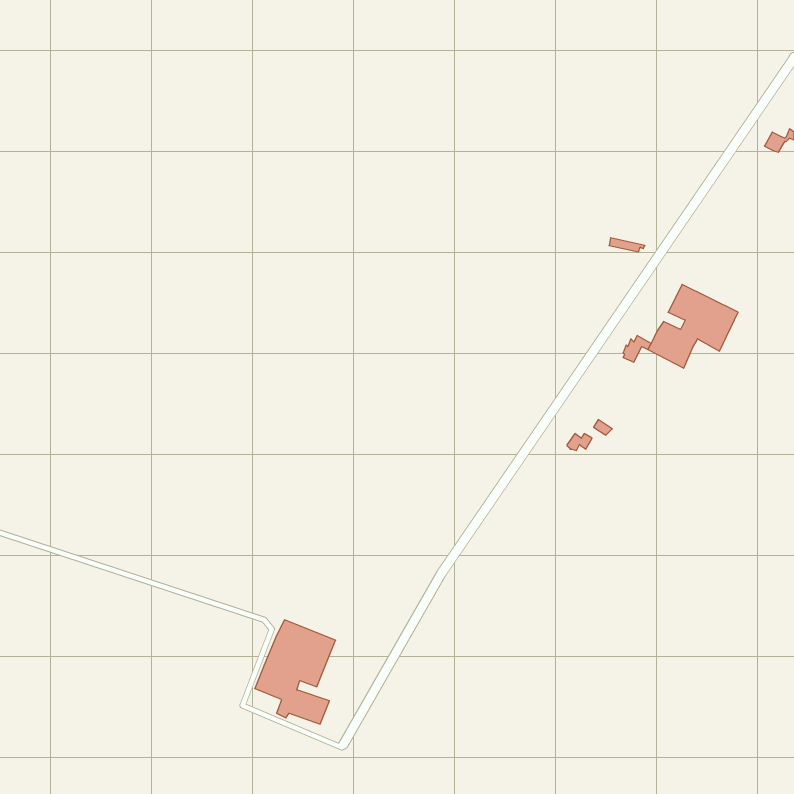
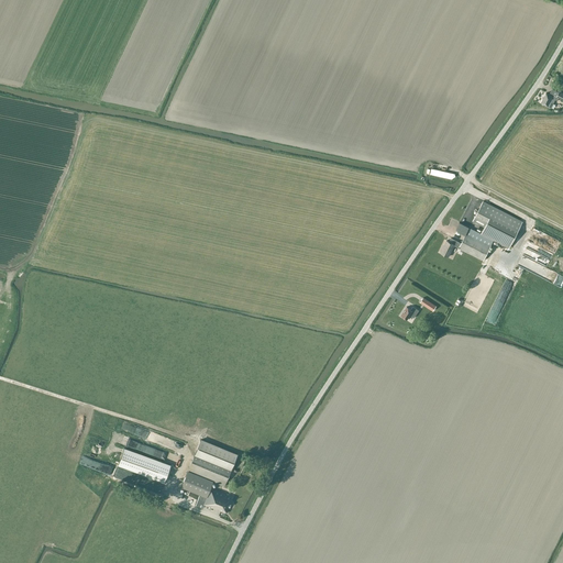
building: none -> [118,449,170,481]

